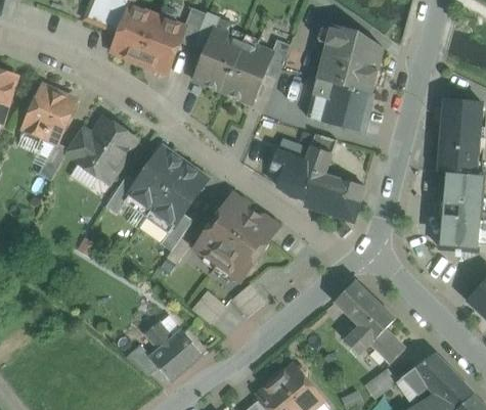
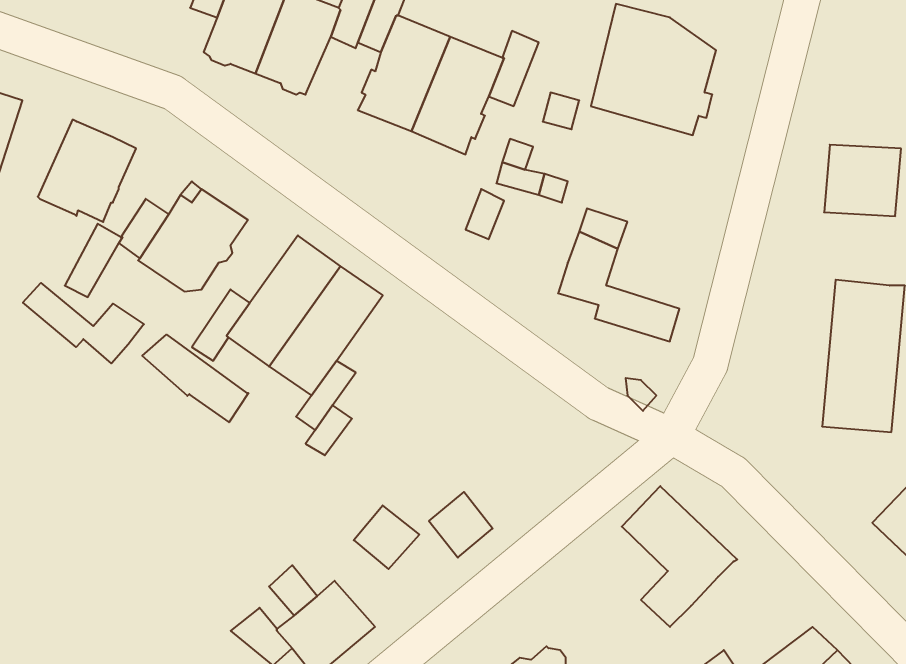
building: [307,78,370,130] -> none
building: [438,134,478,173] -> none
building: [270,150,358,220] -> none
building: none -> [23,283,144,363]
building: [193,193,277,279] -> none
building: none -> [142,335,248,422]
building: [369,327,404,362] -> none

